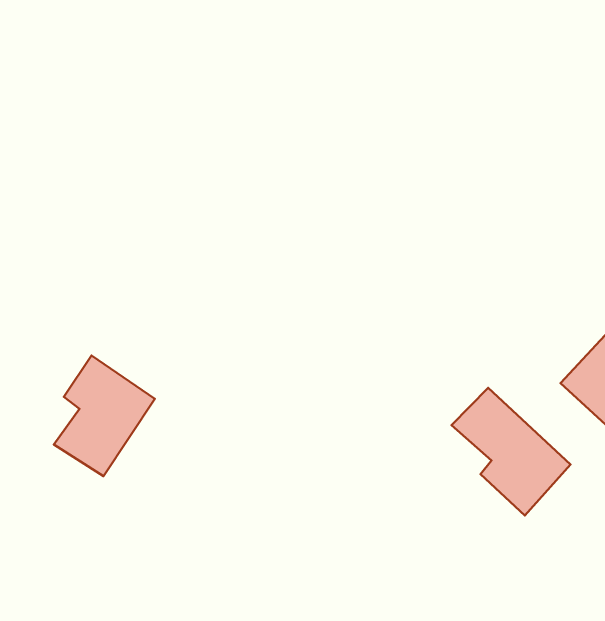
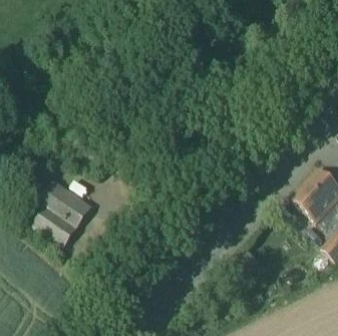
building: [452,388,571,515] -> none

